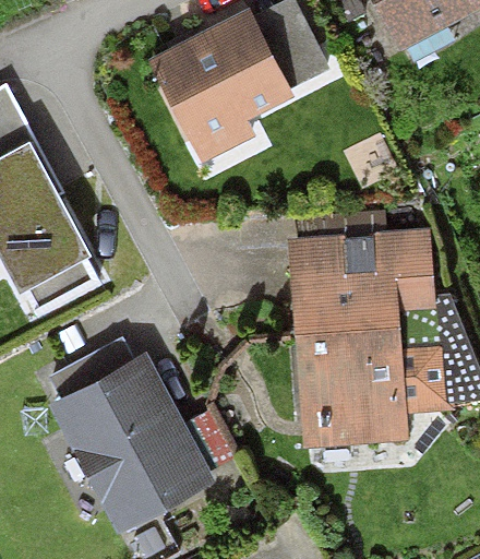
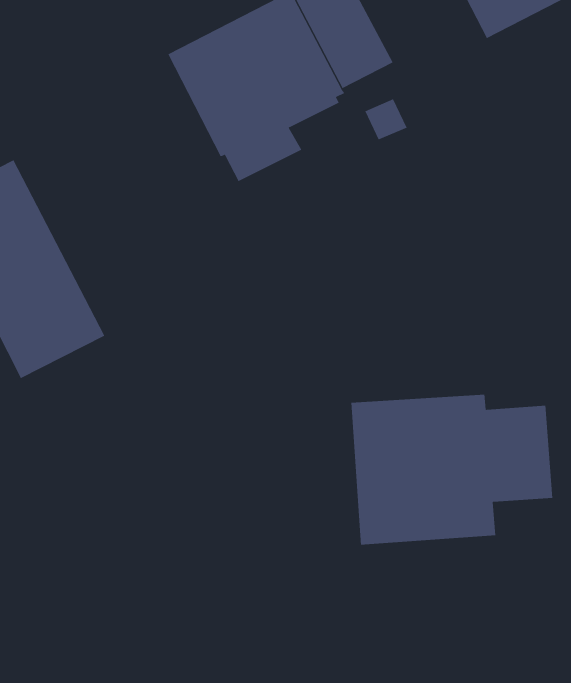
building: [288,228,434,334] -> none
building: [61,362,202,519] -> none

